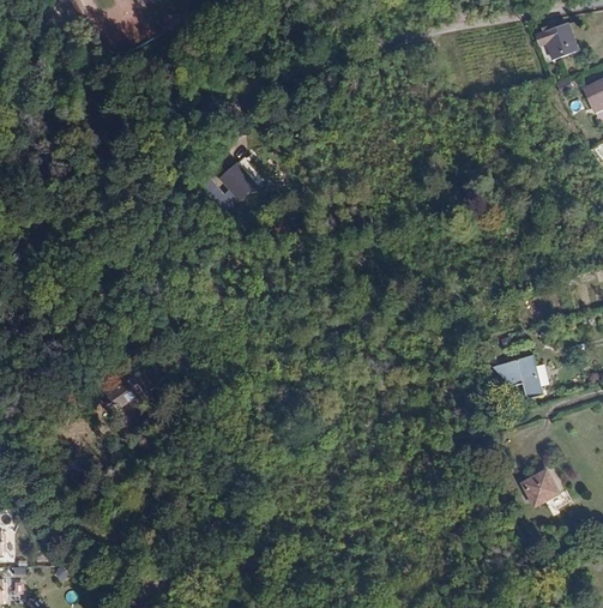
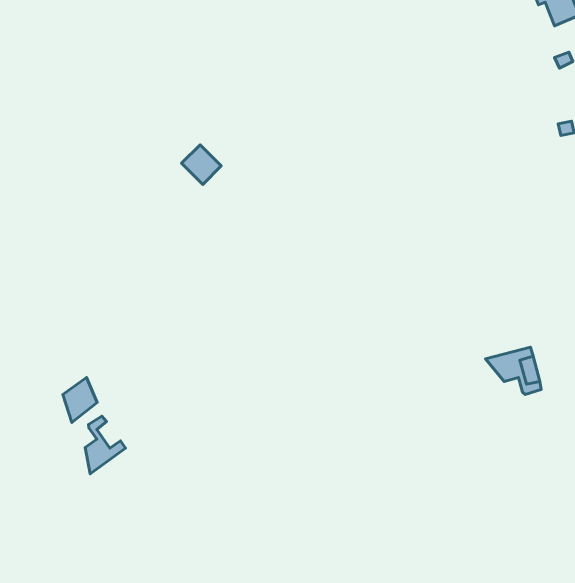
building: none -> [85,416,126,474]
building: [521,470,557,506] -> none

